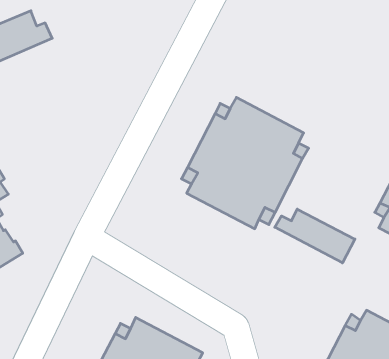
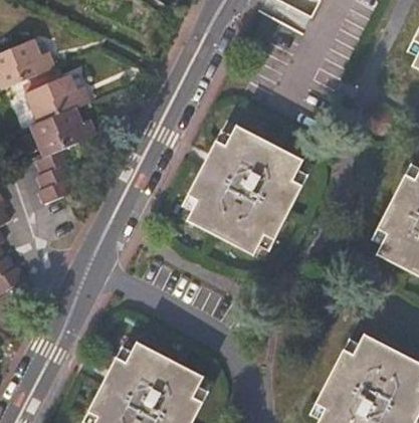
building: none -> [25,73,98,205]
building: [275,209,355,263] -> none

